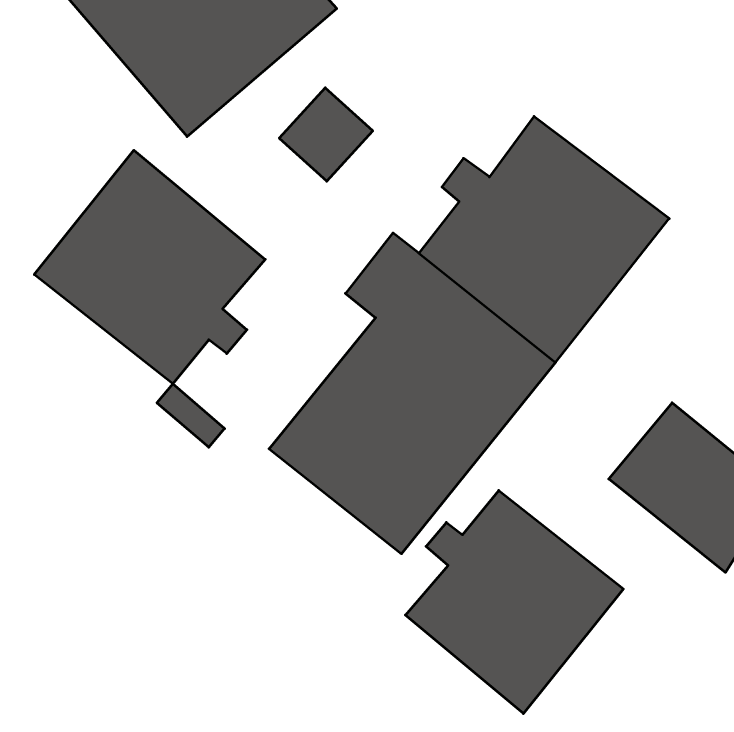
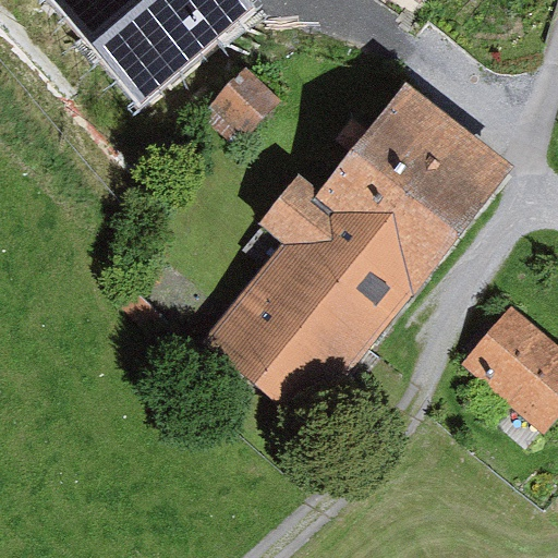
building: [34,150,265,384] -> none
building: [405,490,623,714] -> none

